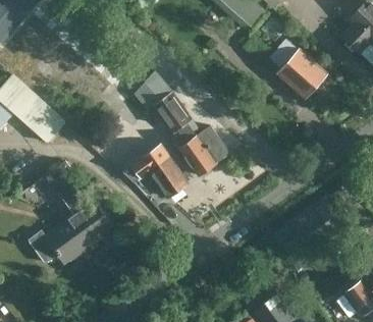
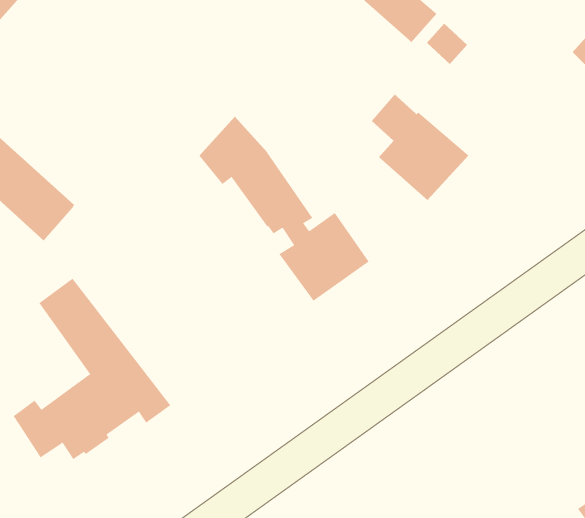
building: [272,39,327,99] -> [371,93,469,201]
building: [121,143,188,197] -> none

